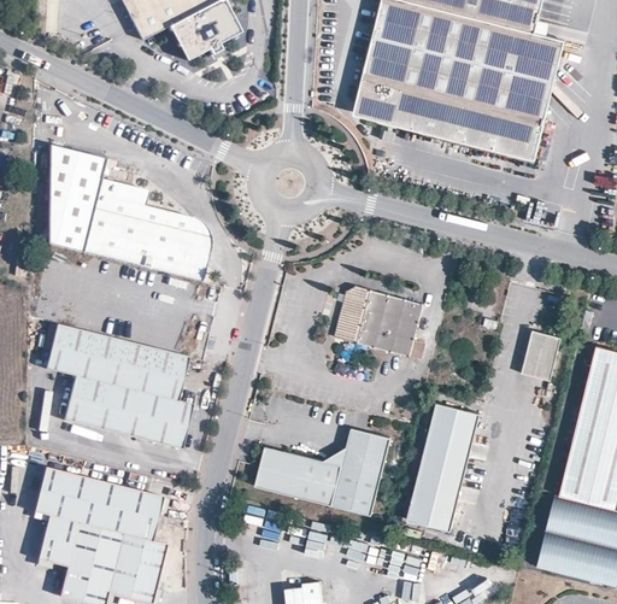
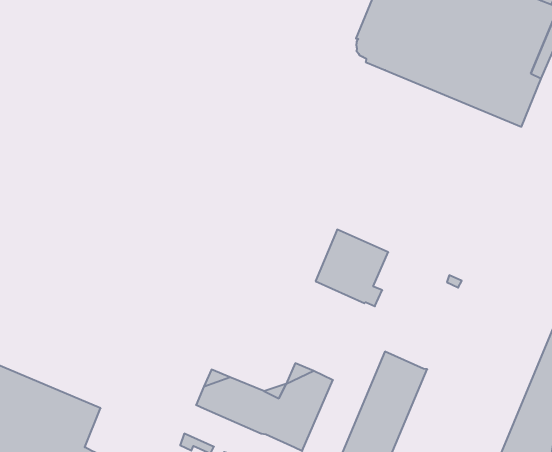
building: [48,147,208,281] -> none
building: [335,283,369,341] -> none
building: [46,324,190,451] -> none
building: [522,328,559,379] -> none

